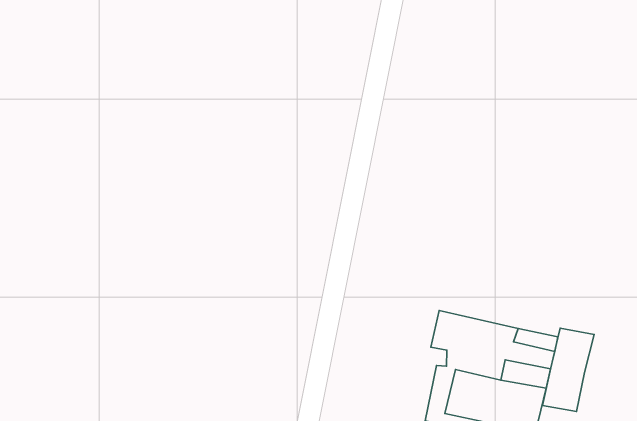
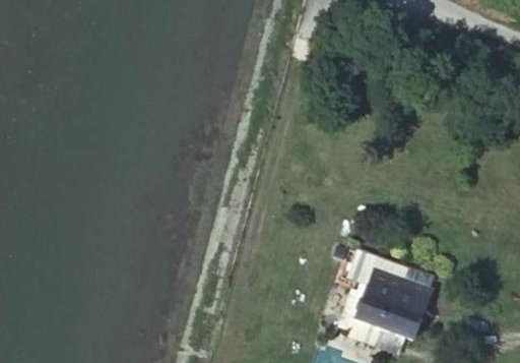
building: [543,328,594,412] -> none

